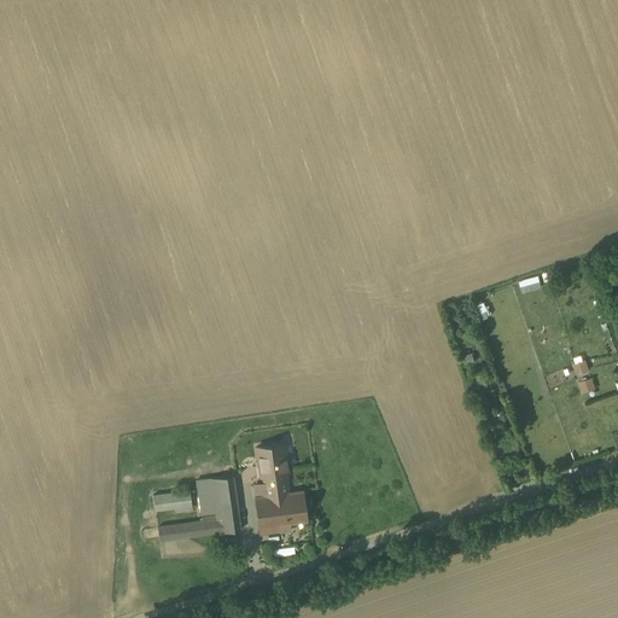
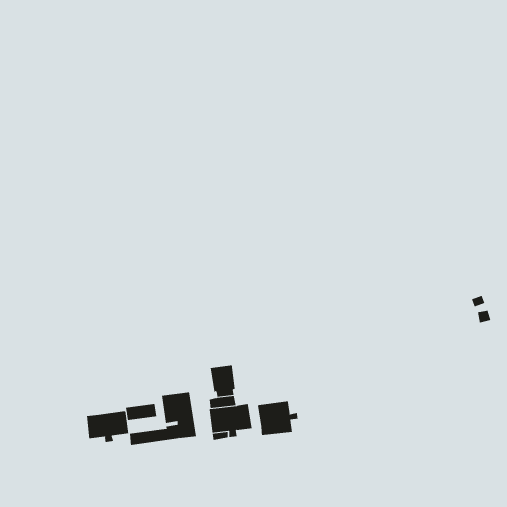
building: none -> [258,401,298,436]
building: none -> [87,410,129,443]

